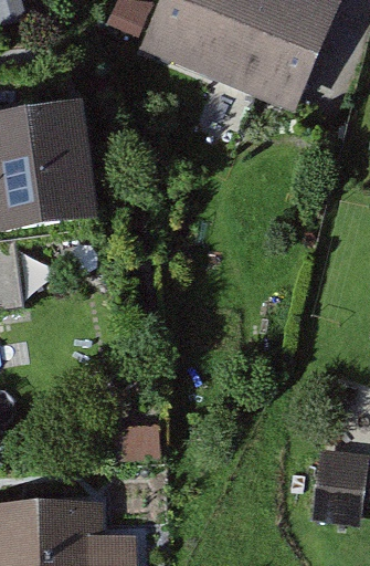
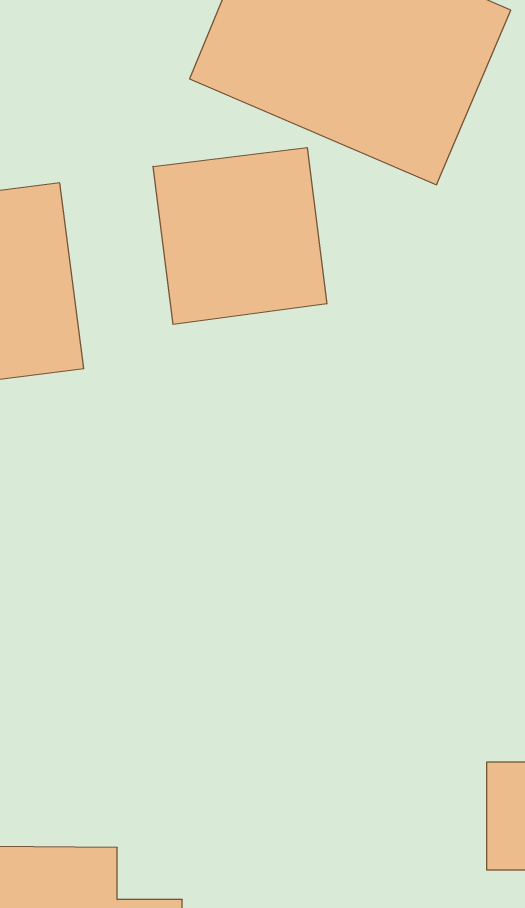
building: none -> [153,148,327,324]

